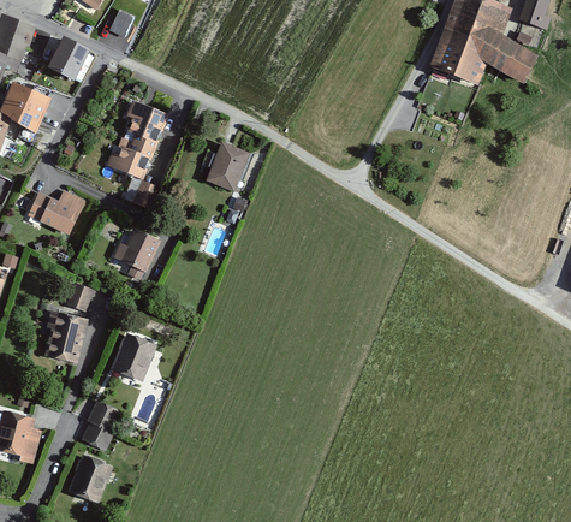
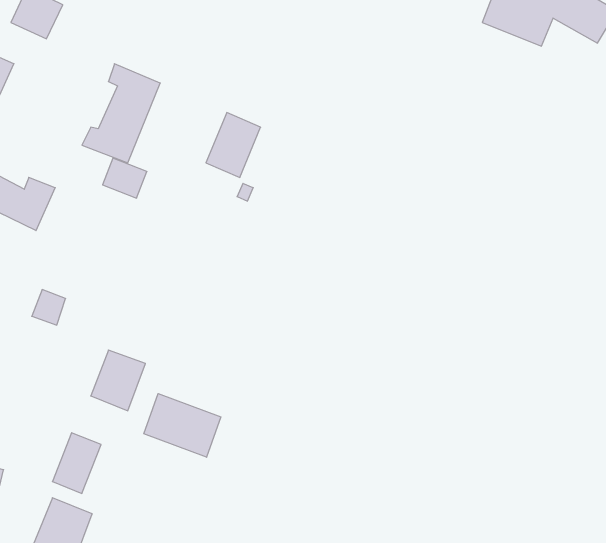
building: [113,230,159,272] -> none
building: [47,310,88,364] -> none
building: none -> [144,394,221,457]

